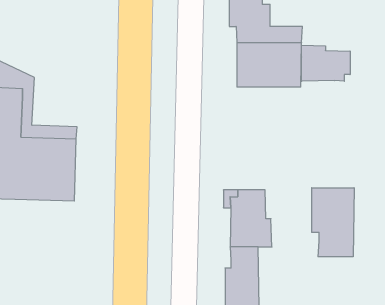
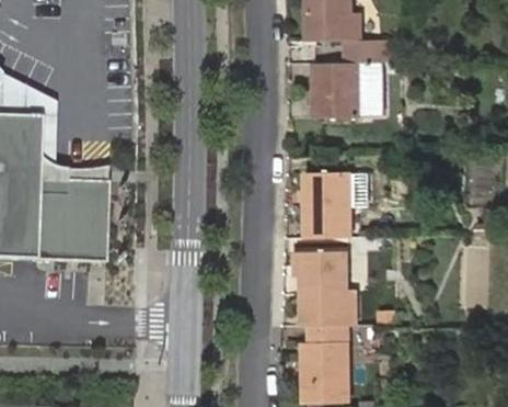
building: [302,45,350,81] -> none
building: none -> [301,170,346,236]
building: [312,188,354,257] -> none

